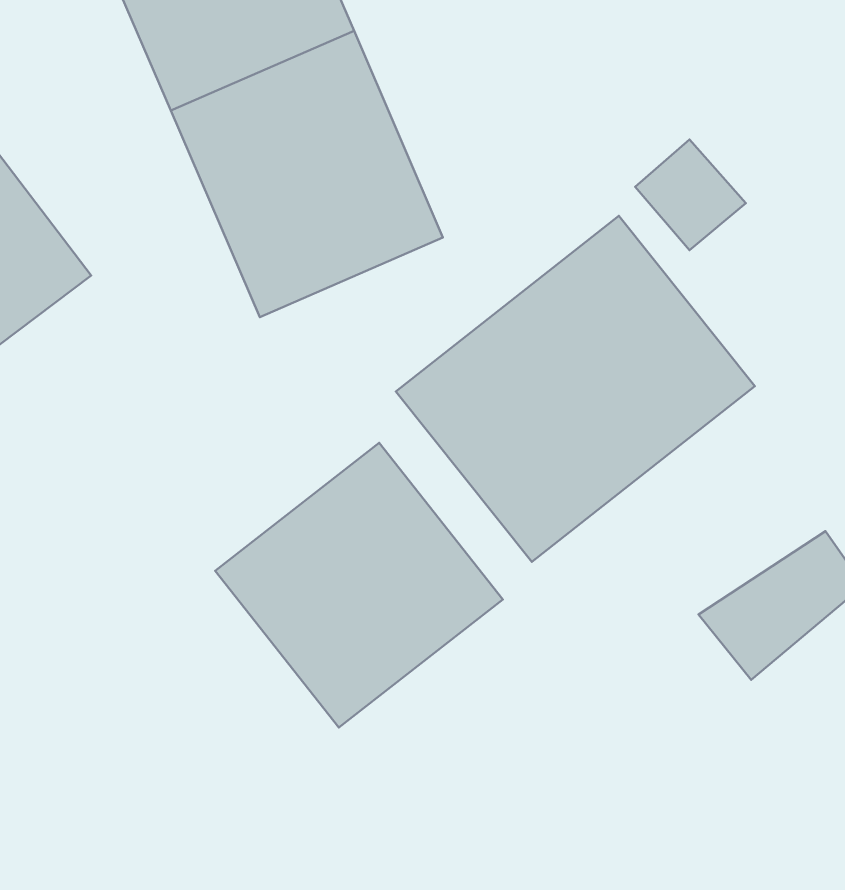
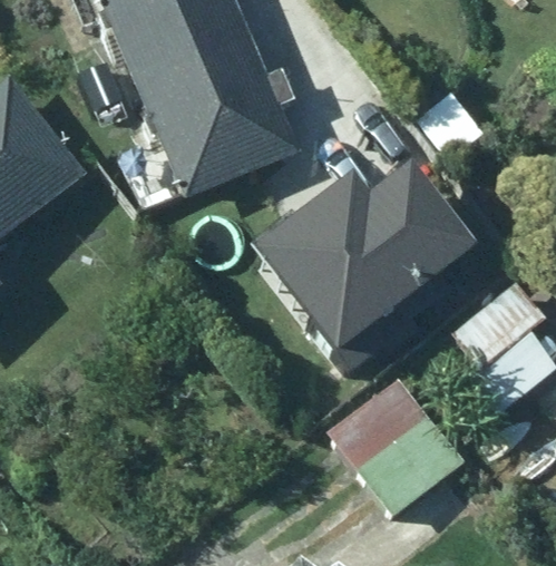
building: [215,443,503,728] -> none
building: none -> [324,374,462,516]

